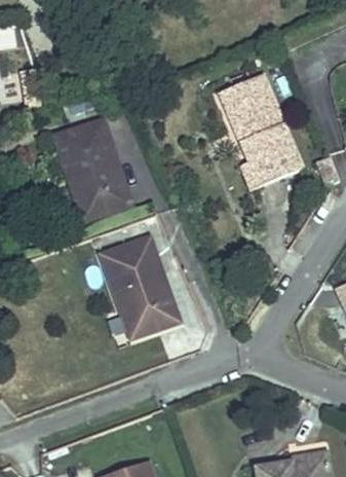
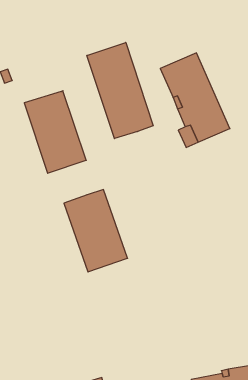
building: none -> [87,42,153,139]

